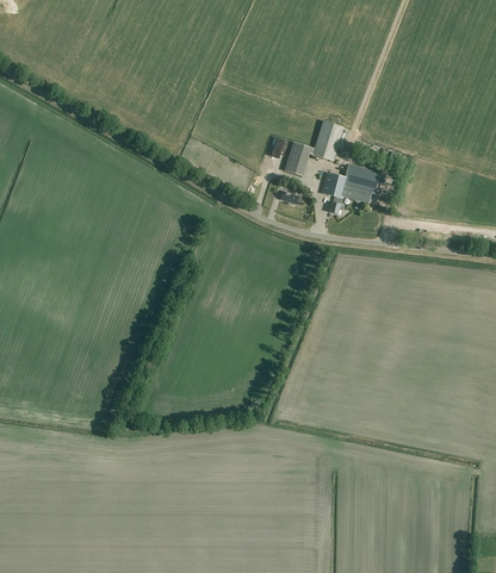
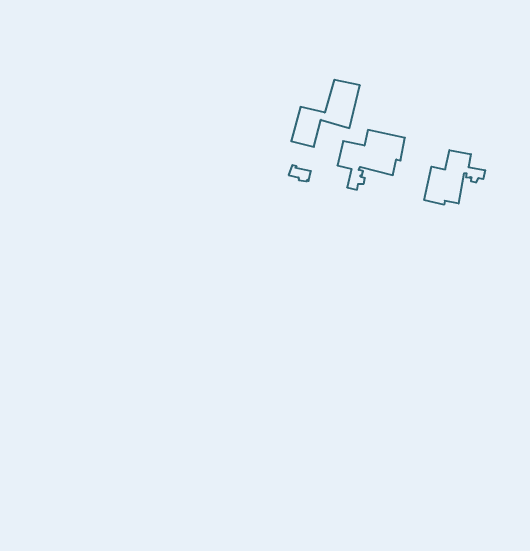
building: none -> [424,150,485,205]

